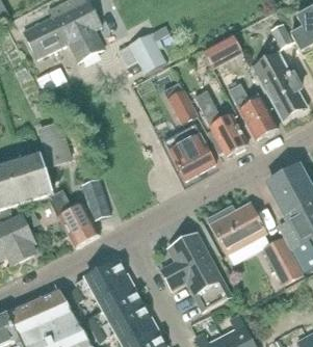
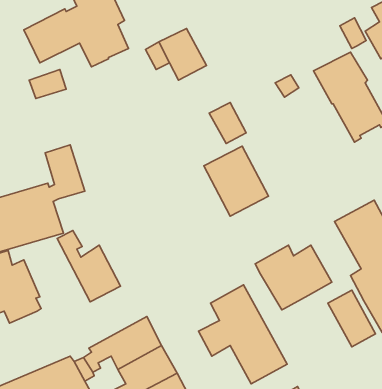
building: [201,32,239,63] -> none
building: [229,81,278,138] -> none
building: [195,88,247,154] -> none
building: [83,178,111,219] -> none

